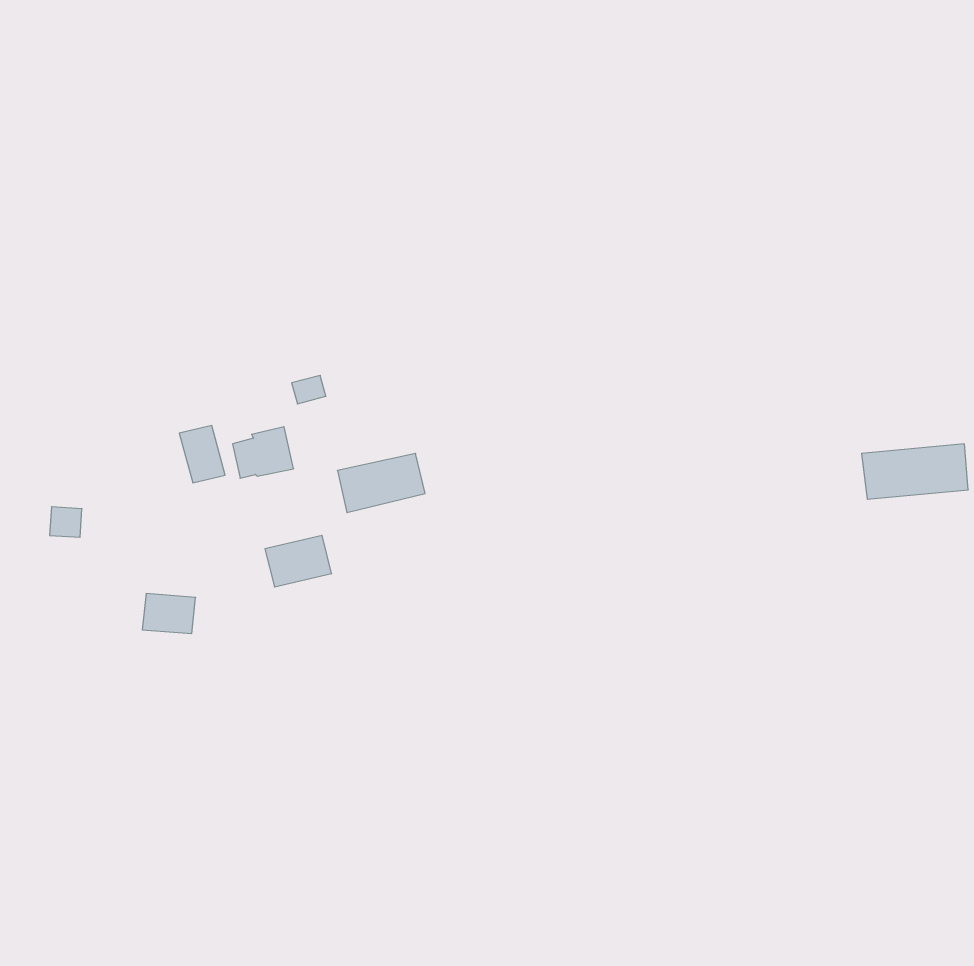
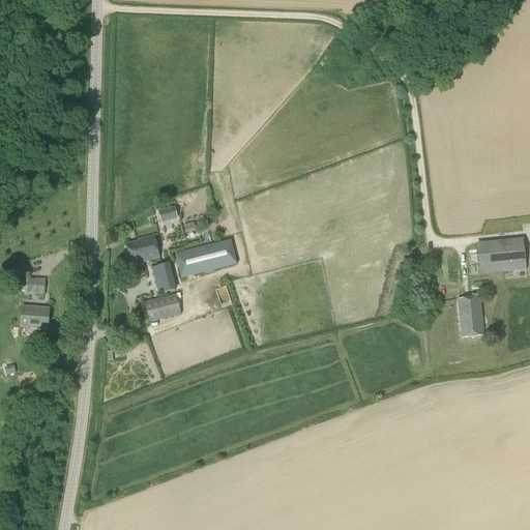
building: [179,426,225,483] -> [151,260,176,291]
building: none -> [458,293,483,333]
building: [142,594,196,634] -> [20,303,49,325]

